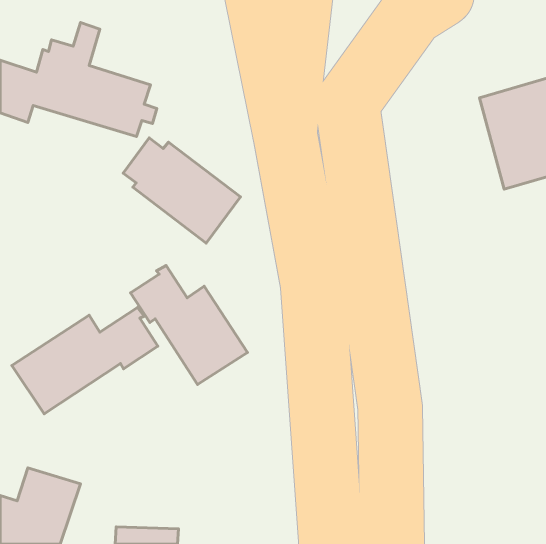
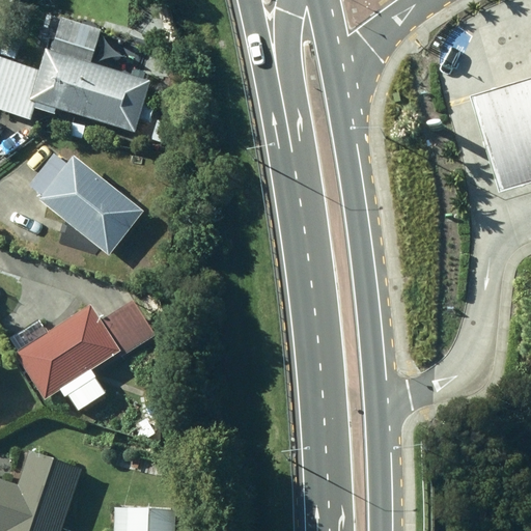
building: [123,138,240,243] -> [30,152,143,254]
building: [131,265,248,385] -> none

